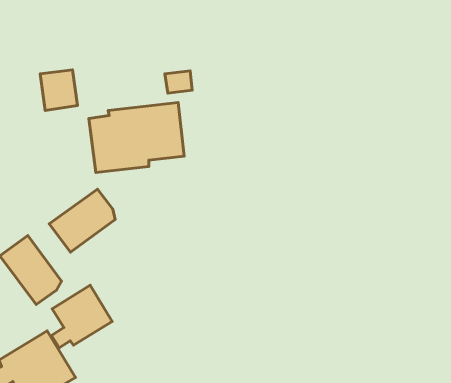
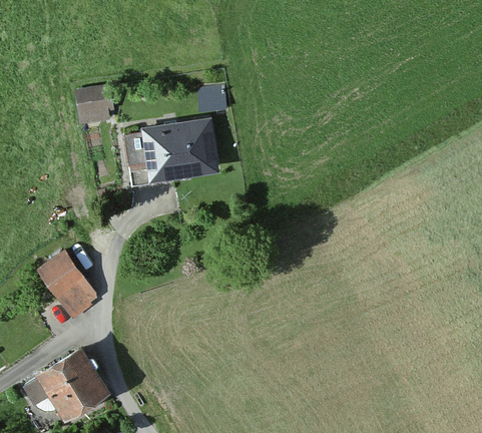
building: [49,189,115,252] -> none
building: [51,285,112,348] -> none

